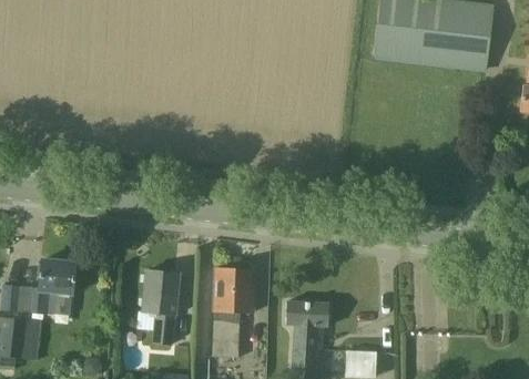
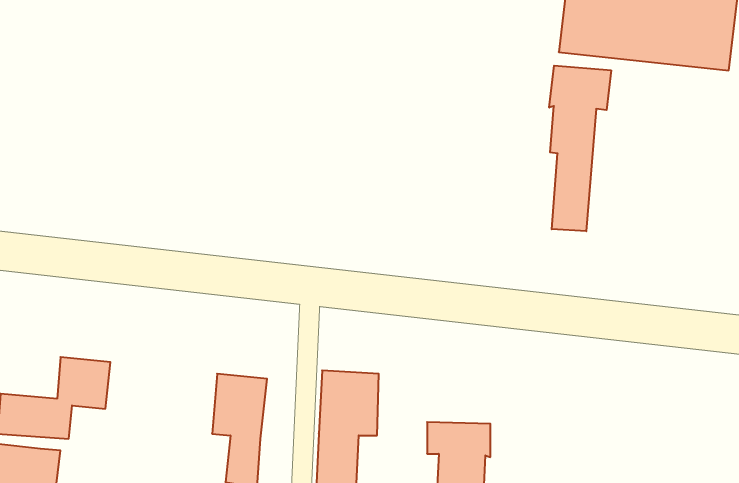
building: none -> [549,66,611,231]

